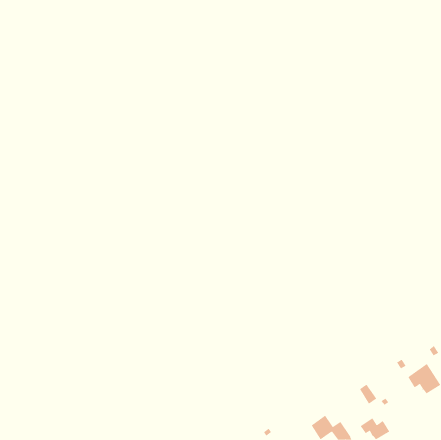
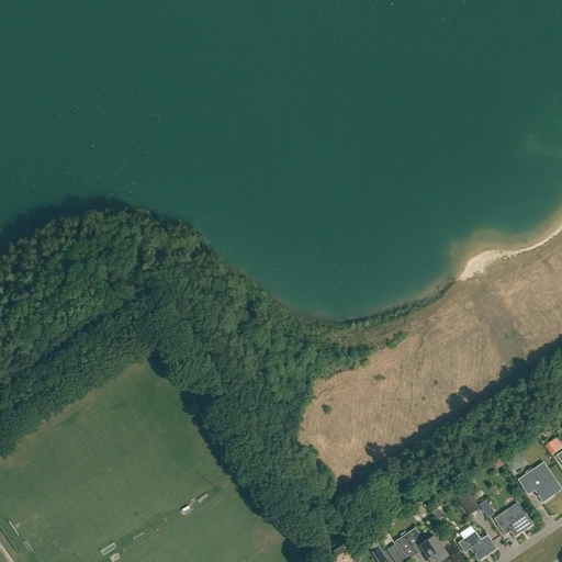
building: none -> [493,503,532,537]

